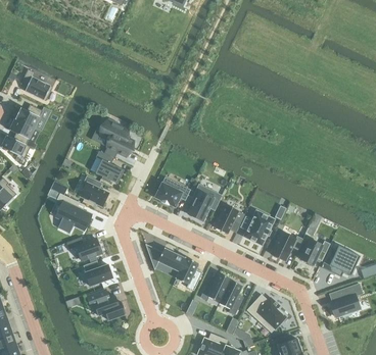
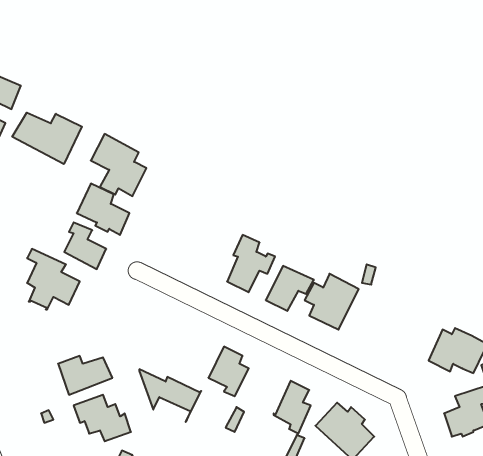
building: none -> [12,113,82,164]
building: [154,176,190,207] -> none
building: [270,232,302,260] -> none
building: [66,237,102,261] -> none
building: [299,239,330,266] -> none
building: [145,243,186,277] -> [139,369,201,422]
building: [200,272,231,302] -> none

